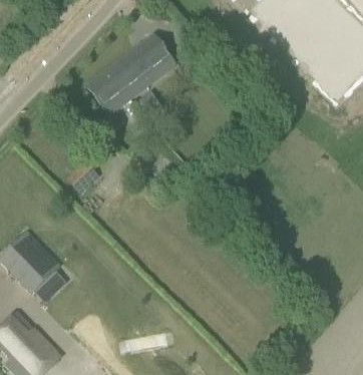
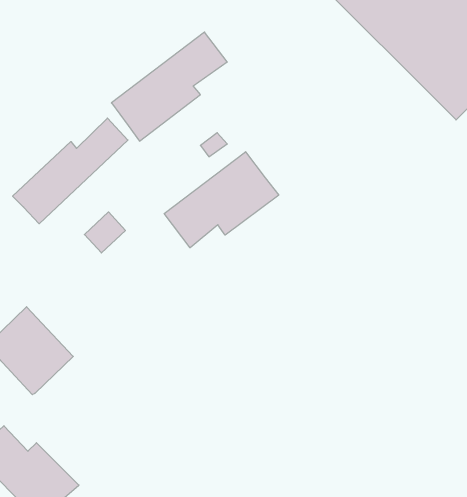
building: none -> [13,118,128,224]
building: none -> [164,152,279,248]

